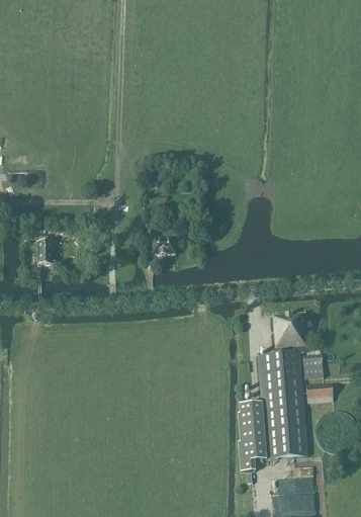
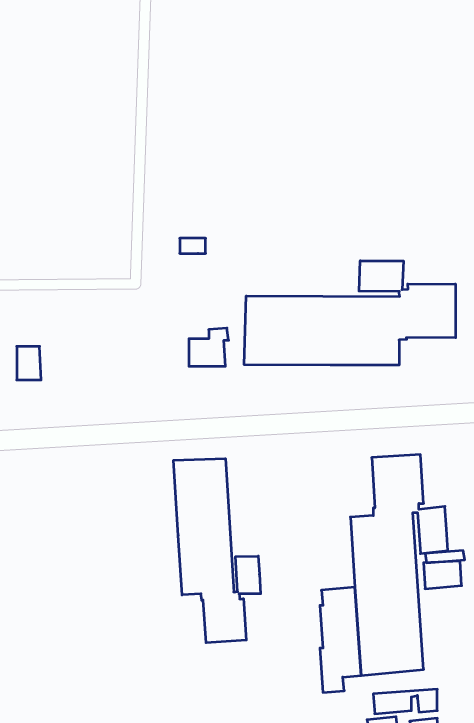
building: none -> [244,261,456,365]
building: none -> [174,459,261,643]

